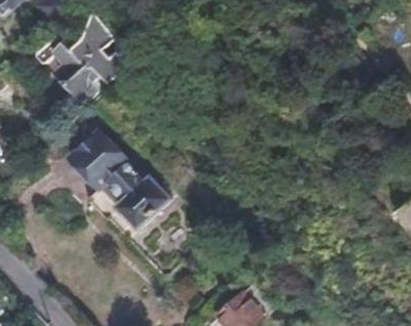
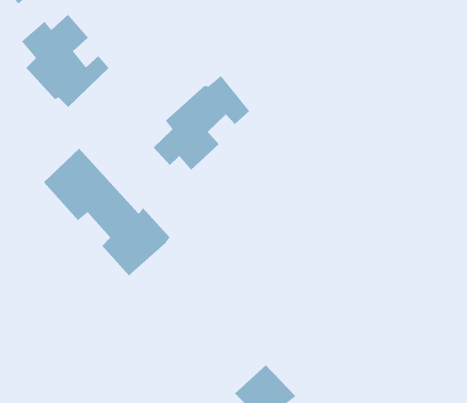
building: none -> [153,75,250,170]

